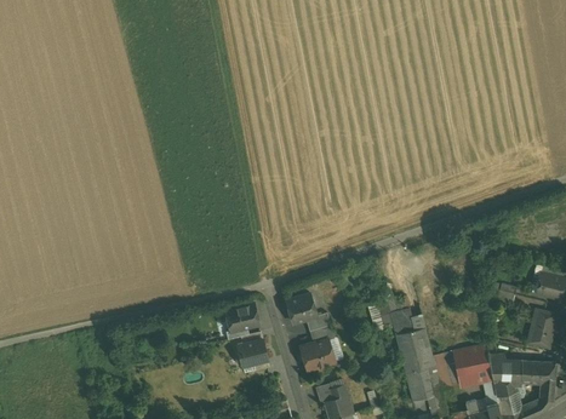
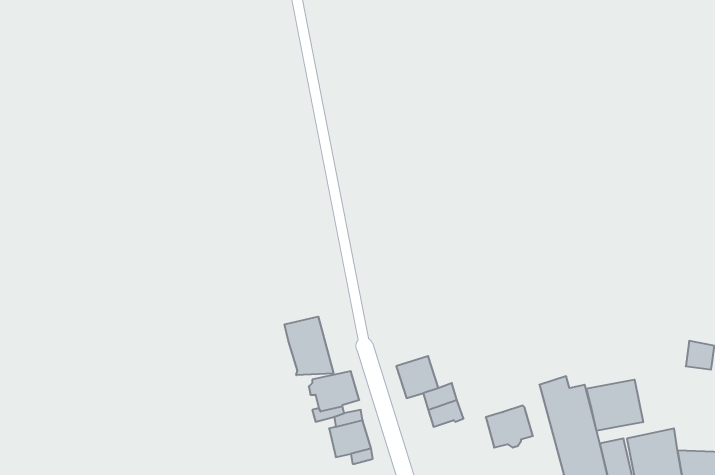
building: none -> [285,317,333,375]
building: none -> [587,380,643,431]
building: [301,339,335,369] -> [486,406,533,448]

